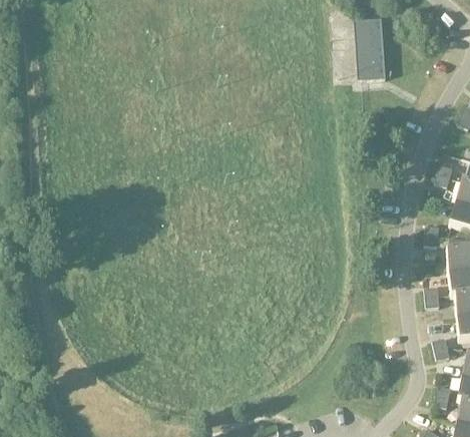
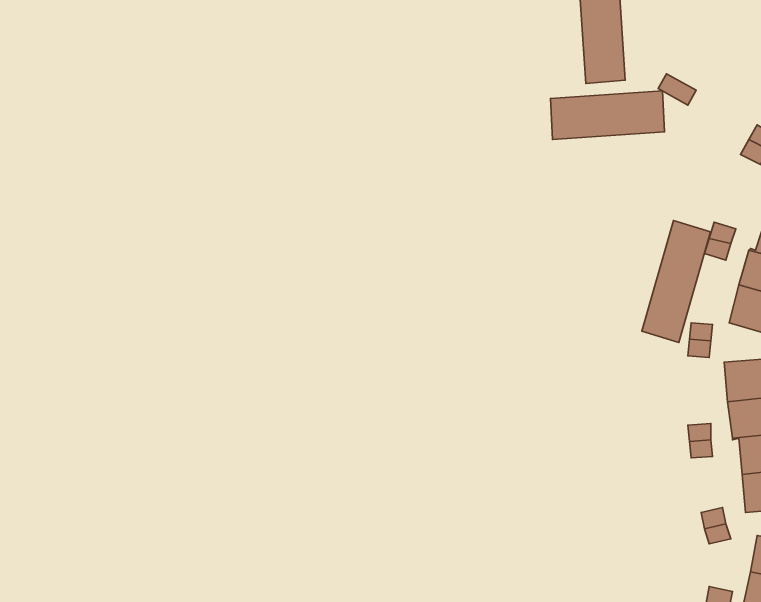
building: none -> [551,91,665,139]
building: none -> [642,220,711,343]

